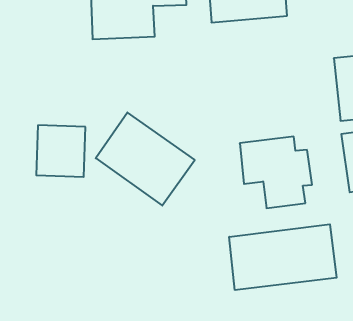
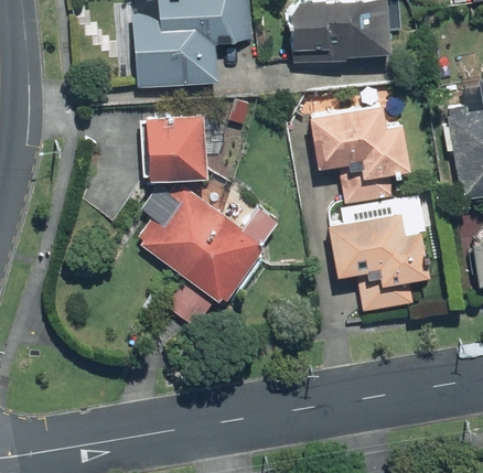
building: none -> [313,108,406,205]
building: [36,125,85,177] -> [141,114,206,182]
building: [229,224,337,290] -> none

